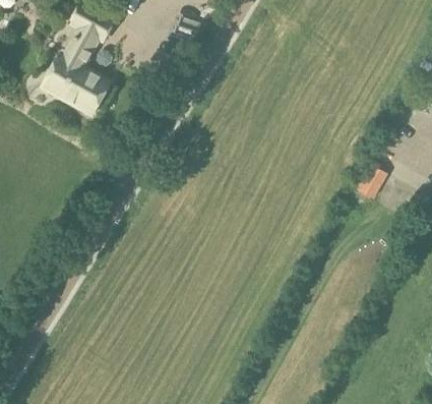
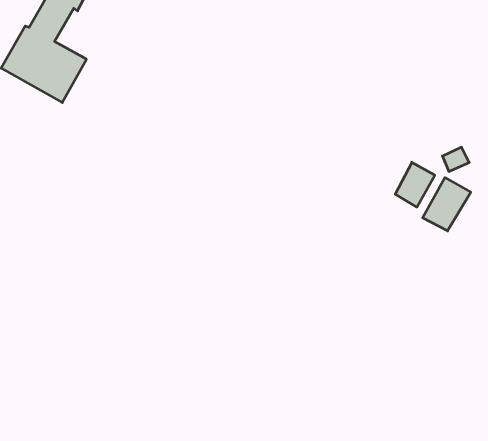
building: none -> [423,178,471,231]

